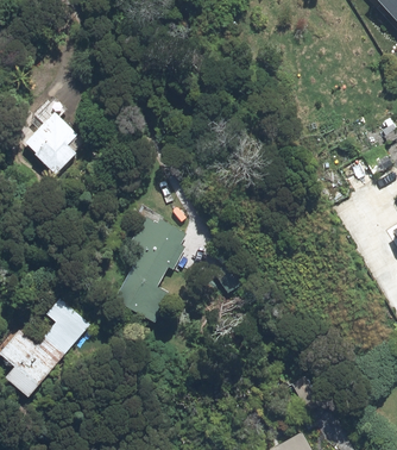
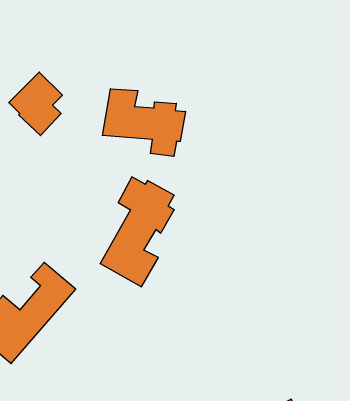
building: none -> [102,89,185,156]

